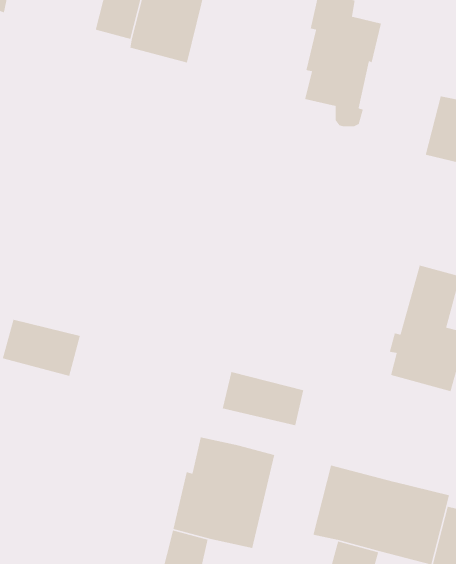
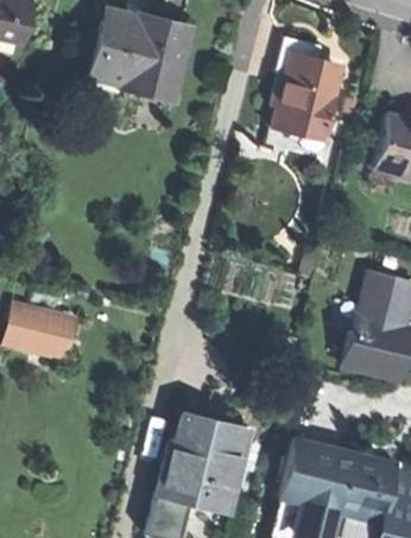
building: [222,371,304,426] -> none

